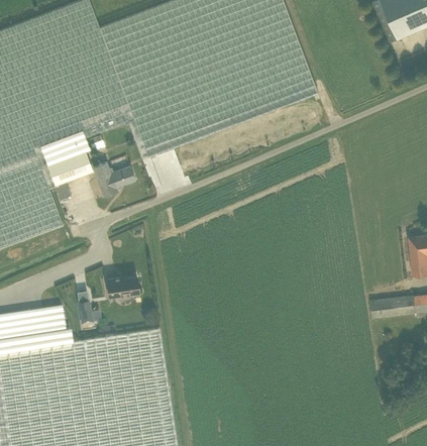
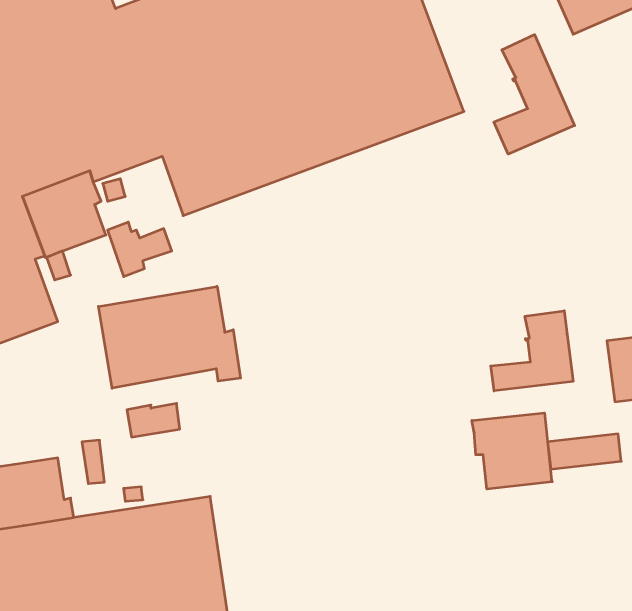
building: none -> [494,35,575,154]
building: none -> [98,286,241,388]
building: none -> [491,311,573,391]
building: none -> [472,413,552,489]

